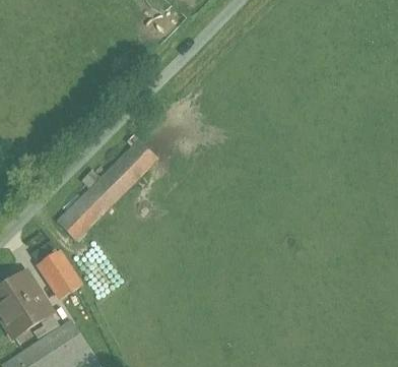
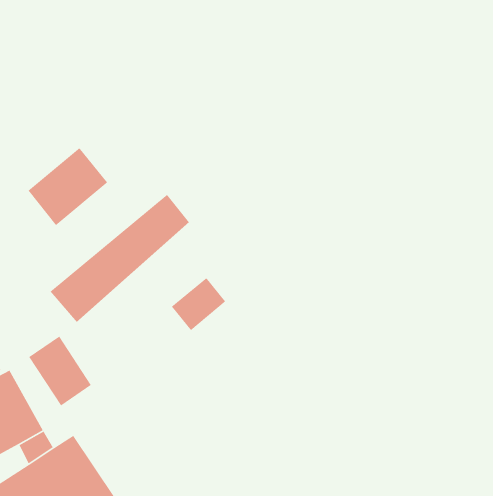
building: none -> [27,147,108,226]
building: none -> [171,277,226,331]

